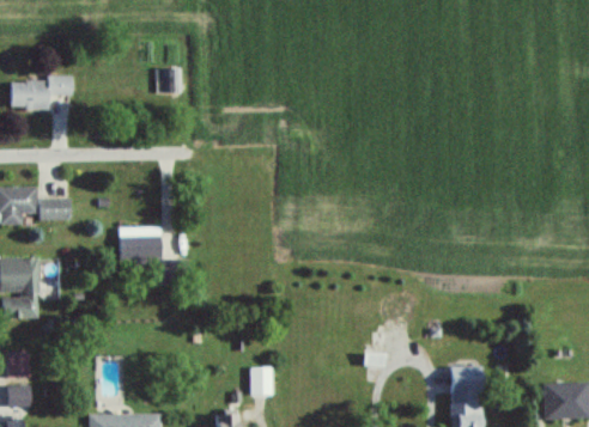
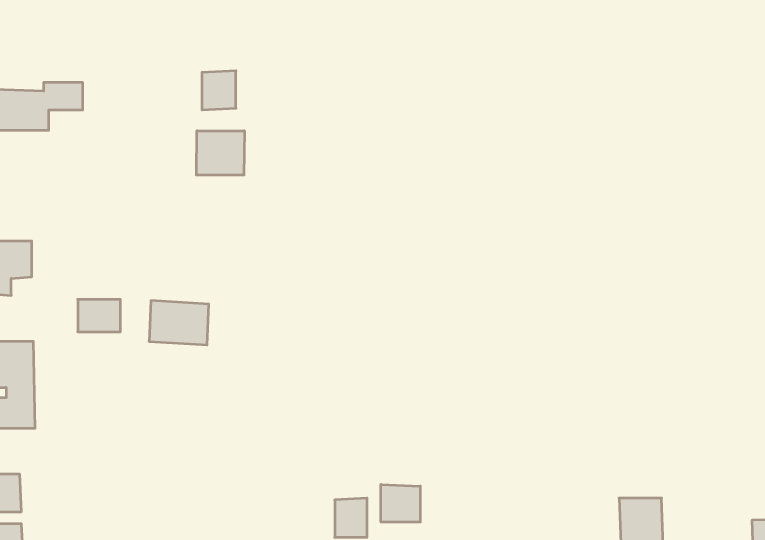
building: none -> [196,131,244,175]
building: [40,197,69,220] -> [78,299,120,332]
building: none -> [381,484,420,522]

